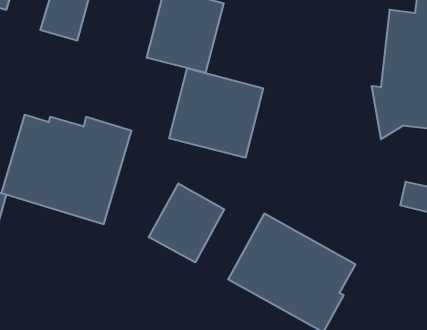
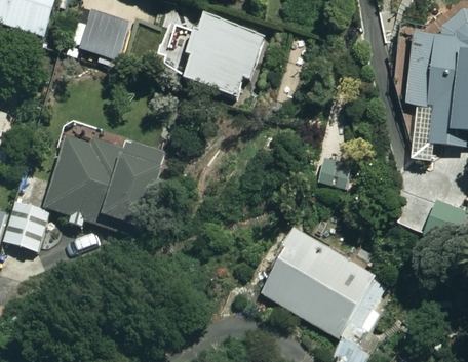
building: [169,68,263,158] -> none
building: [149,183,224,262] -> none

